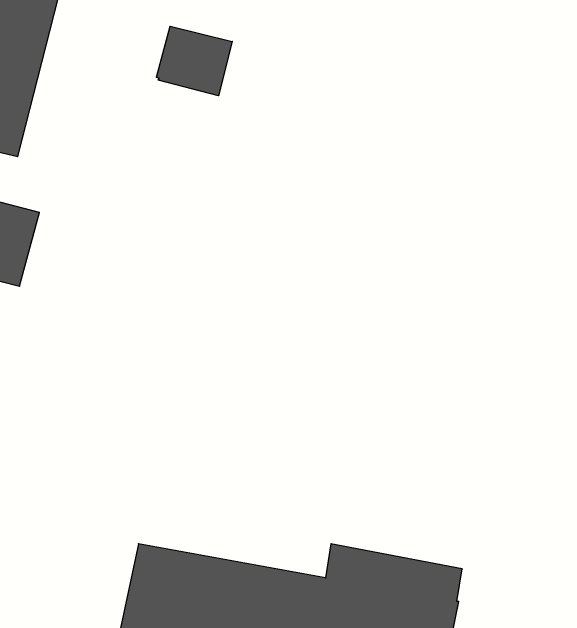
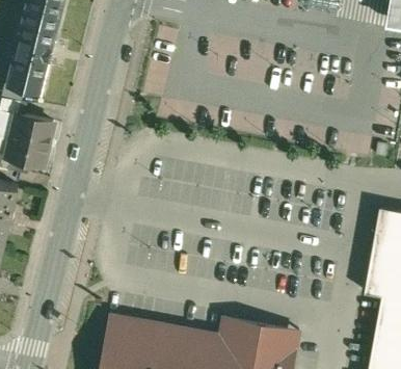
building: [156,26,232,96] -> none

